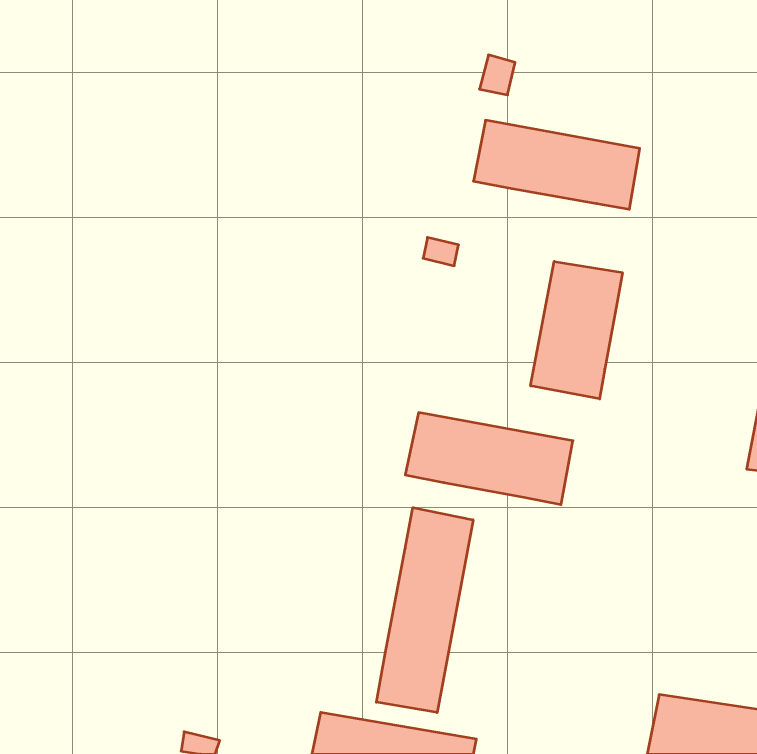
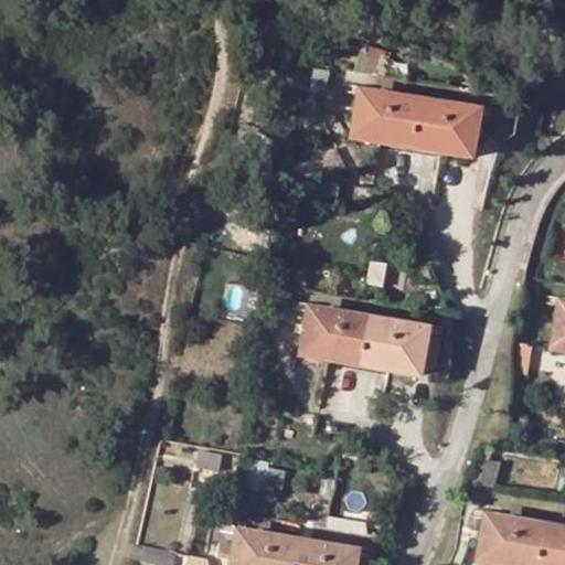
building: [531,261,622,399] -> none
building: [376,508,473,713] -> none

